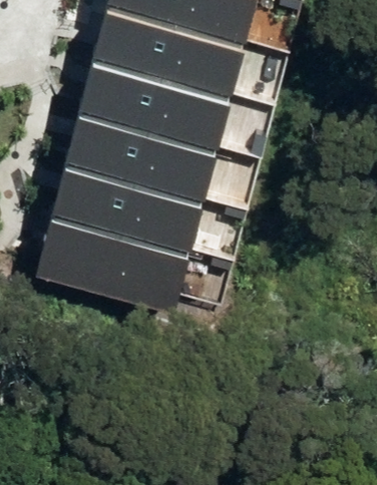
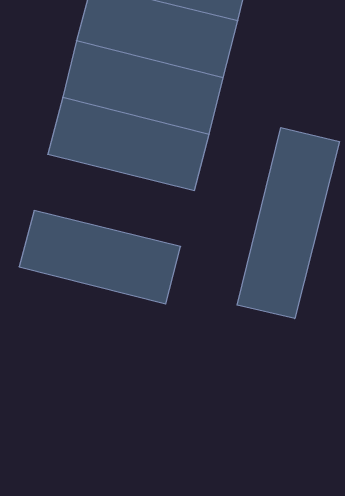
building: none -> [237,128,339,319]
building: [57,153,209,240] -> none

